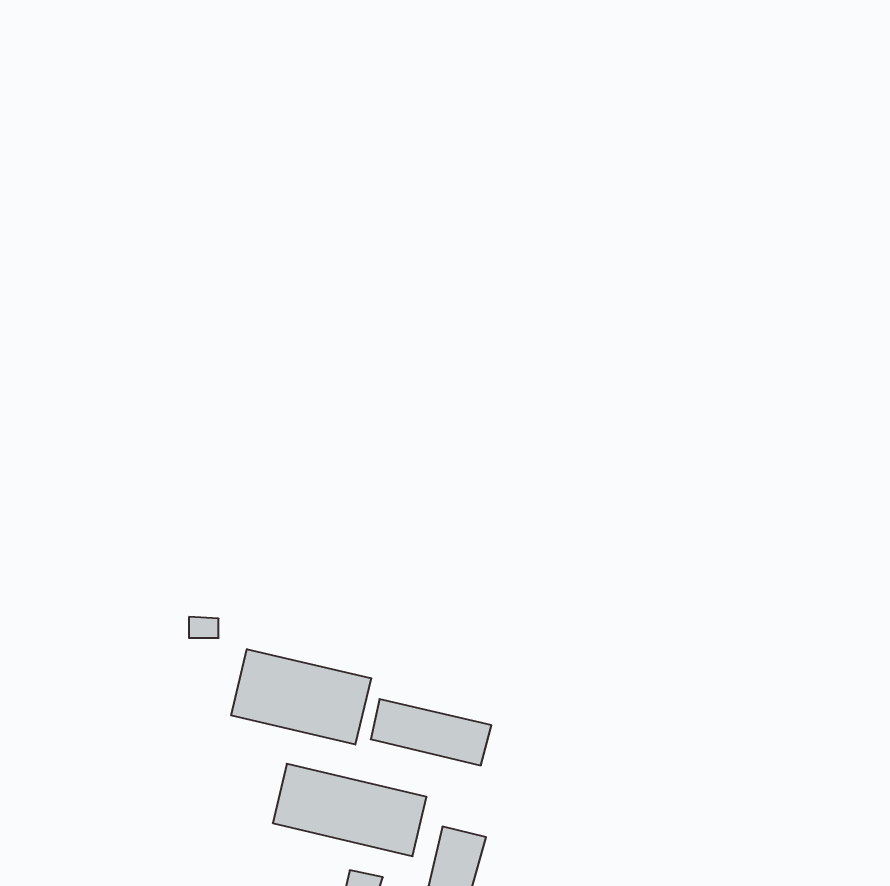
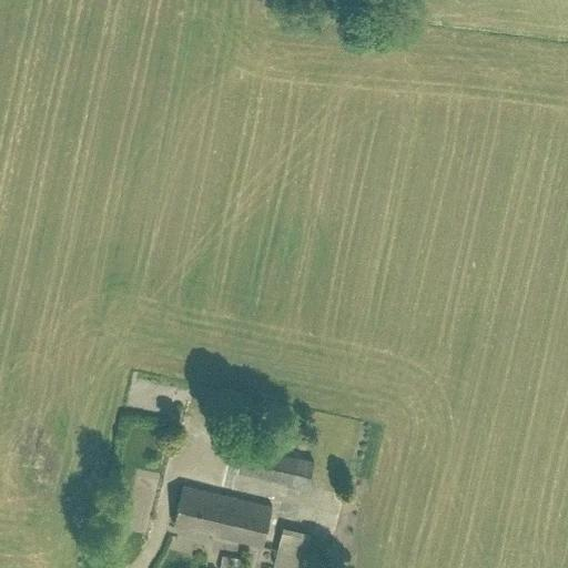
building: [231,649,371,745] -> none

